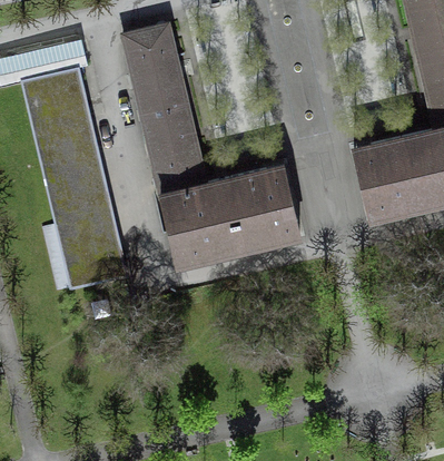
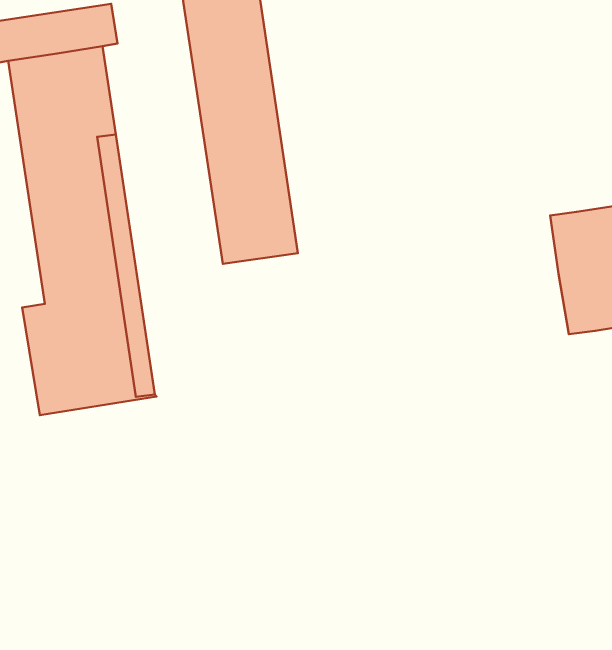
building: [160,165,299,264] -> none

